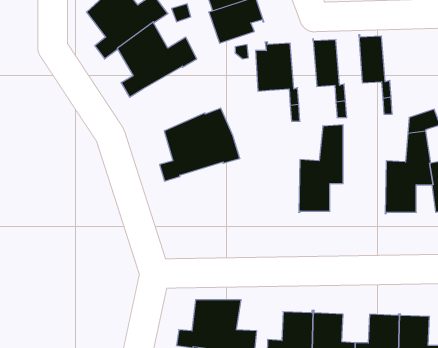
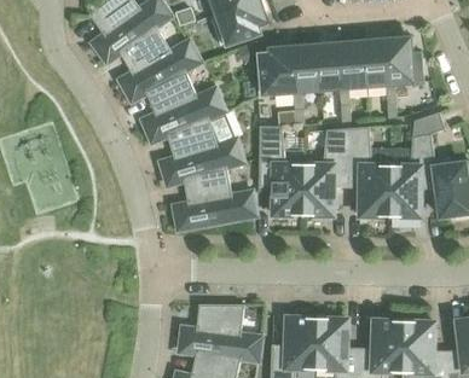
building: none -> [386,37,423,86]
building: none -> [340,39,366,89]
building: none -> [294,42,320,93]
building: none -> [145,70,224,143]
building: none -> [259,127,303,217]
building: none -> [347,128,390,219]
building: none -> [175,167,255,231]

